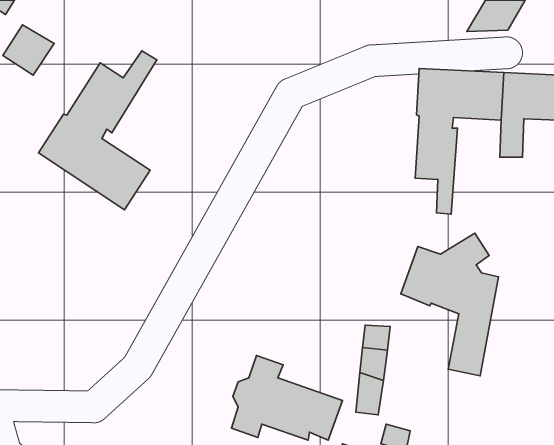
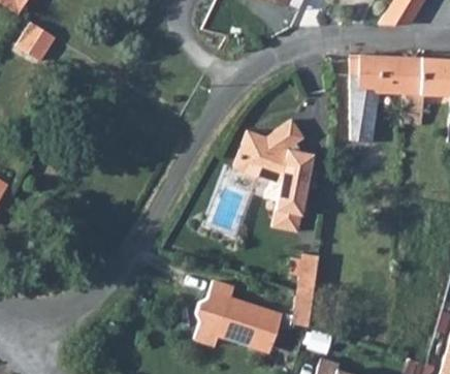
building: [39,51,157,210] -> none
building: [401,233,499,376] -> [231,121,308,232]

